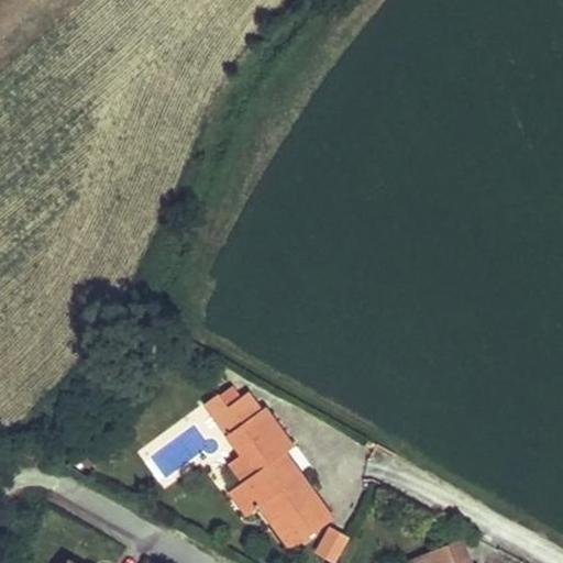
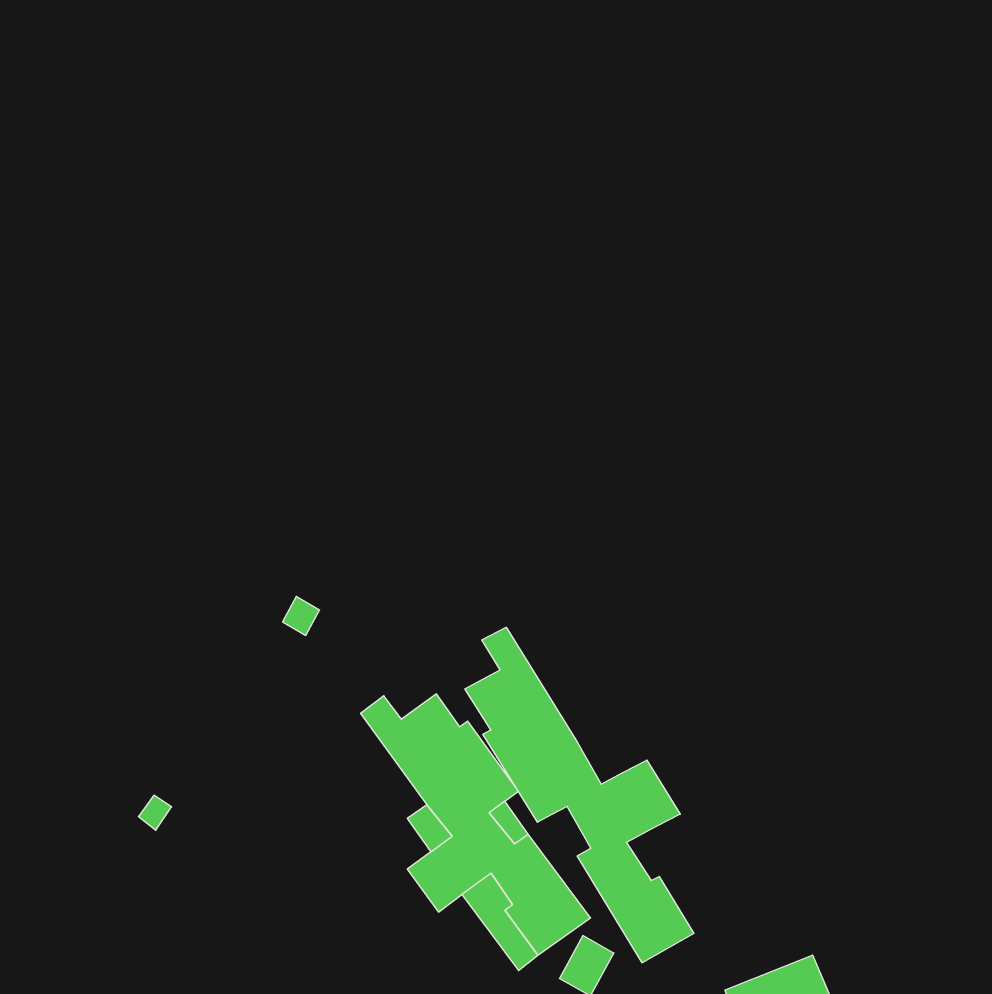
building: none -> [465,627,694,963]

